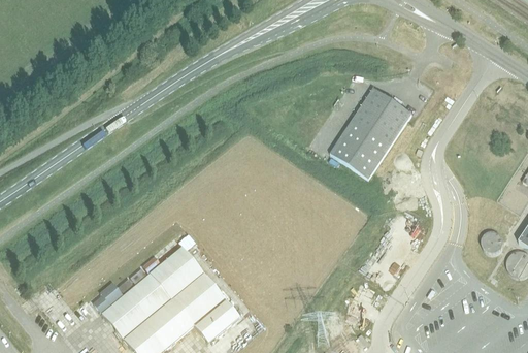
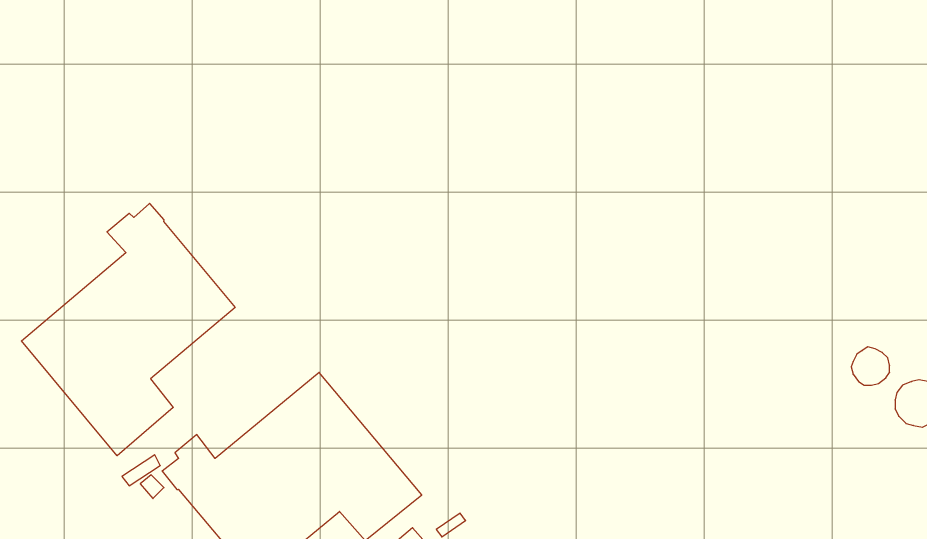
building: [330,87,412,178] -> none
building: none -> [21,203,235,456]

